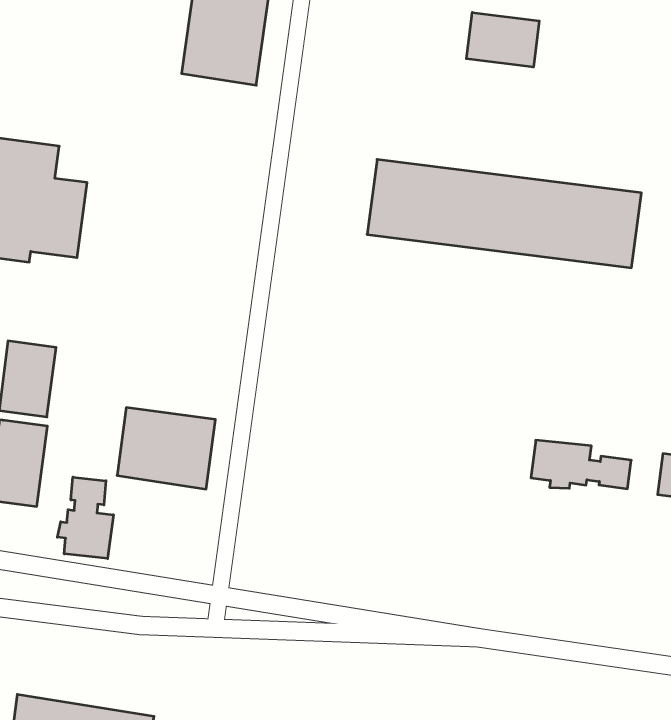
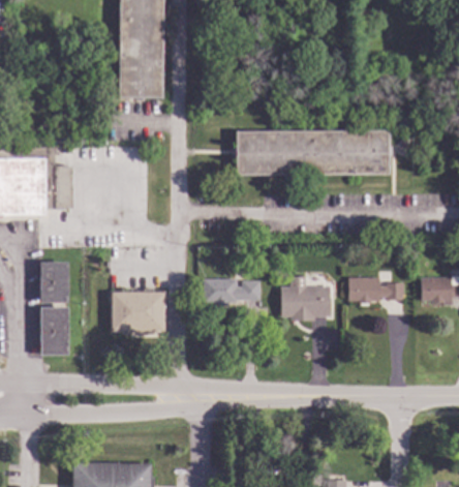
building: [466,12,539,67] -> none
building: none -> [204,278,261,306]
building: none -> [281,276,331,321]
building: [57,477,113,559] -> none

